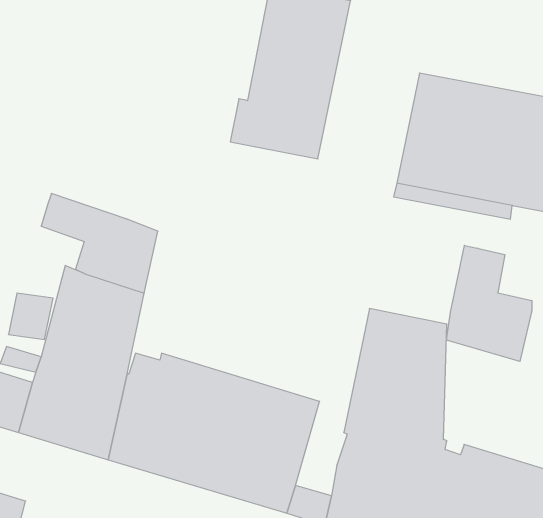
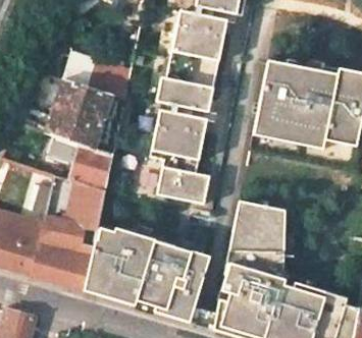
building: none -> [46,51,130,148]
building: none -> [149,109,210,204]
building: [446,245,532,361] -> none

